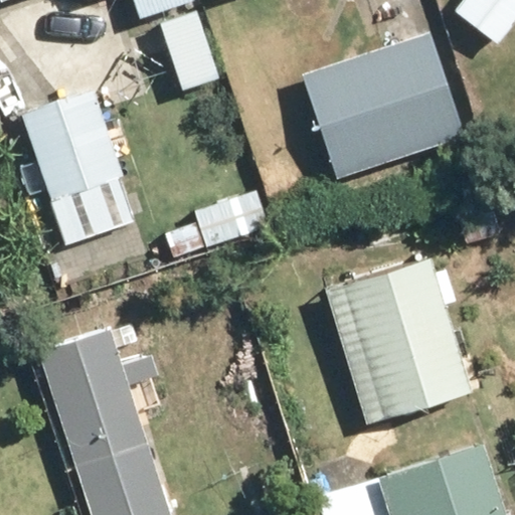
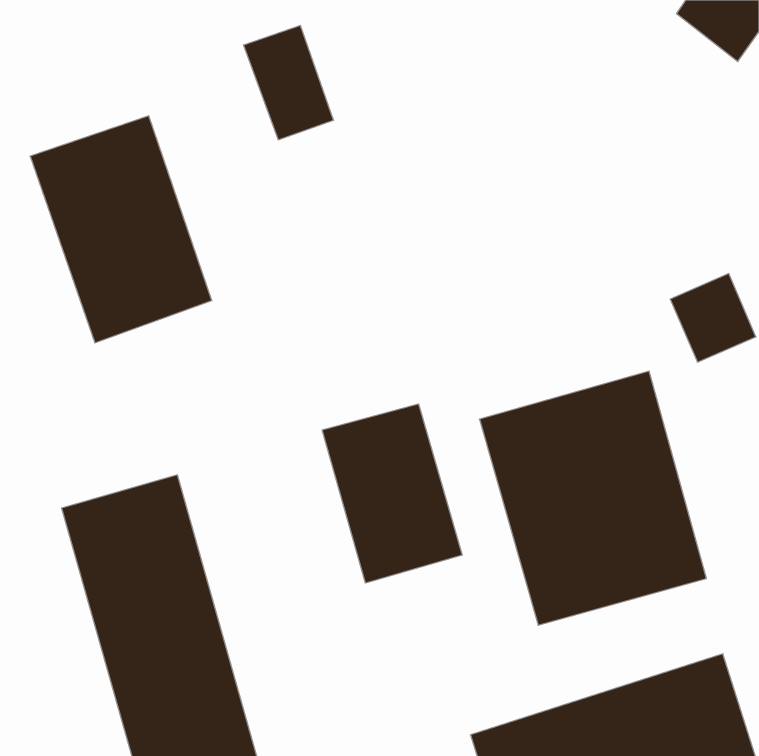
building: [298,31,464,181] -> none
building: none -> [322,404,462,583]

